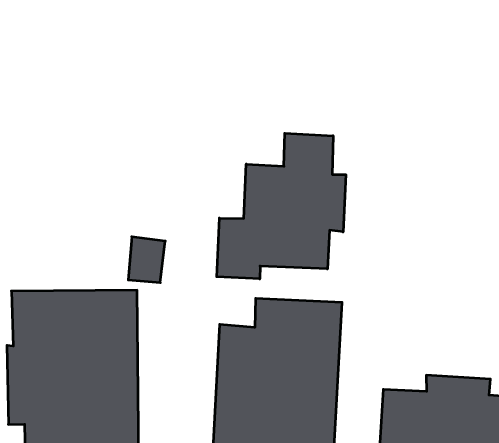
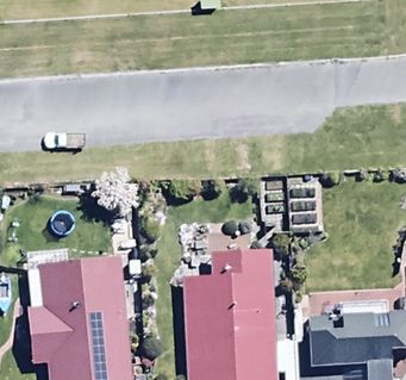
building: [217,133,346,279] -> none

